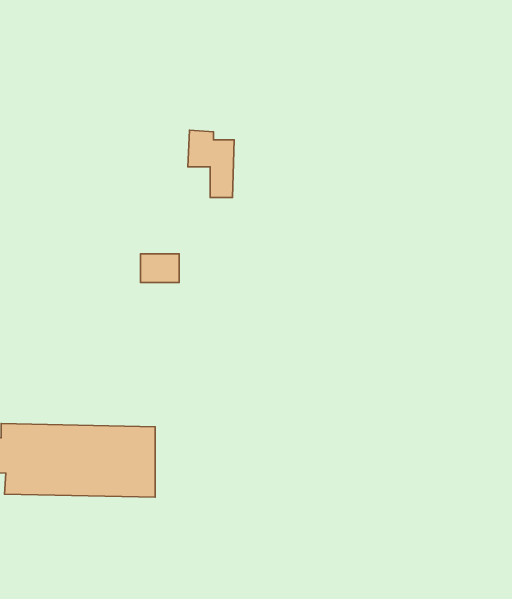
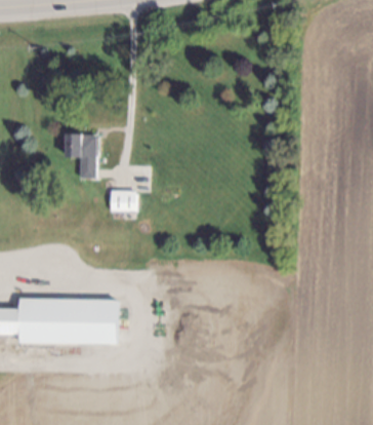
building: [188,130,234,197] -> [63,131,92,175]

